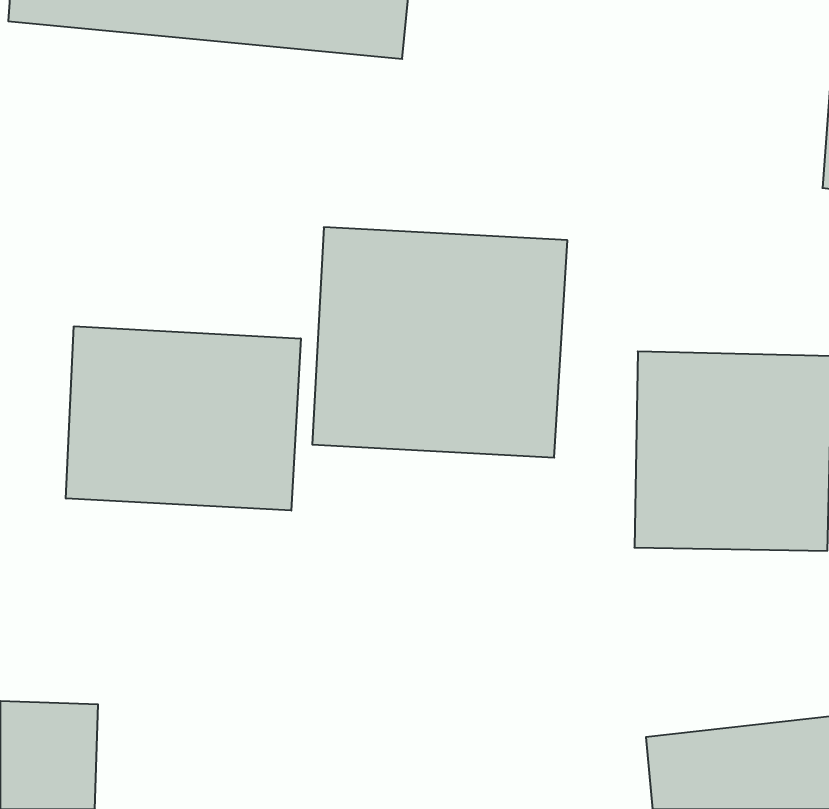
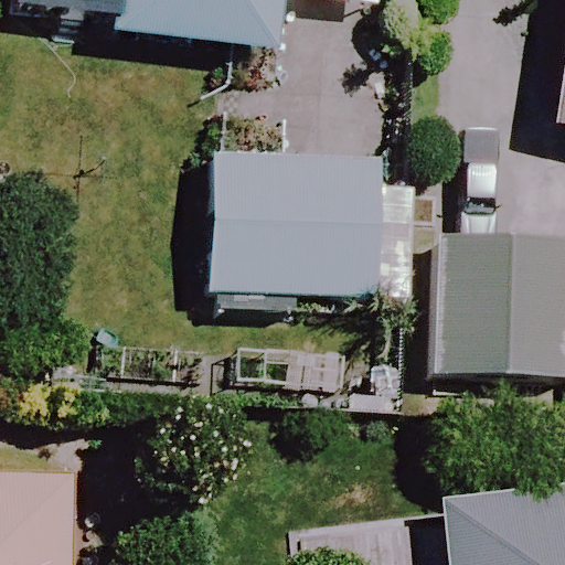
building: [66,326,301,511] -> none

